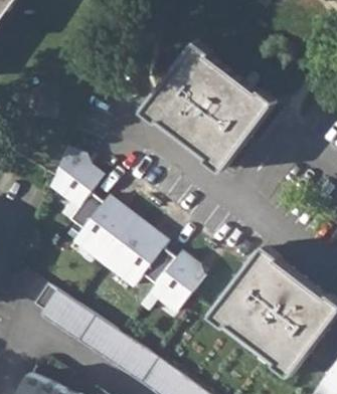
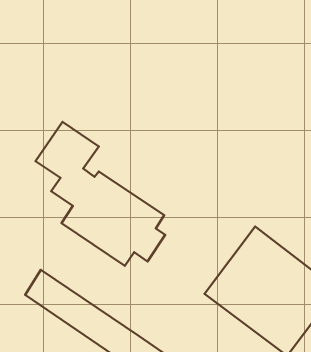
building: [144,43,273,168] -> none
building: [142,248,210,320] -> none

